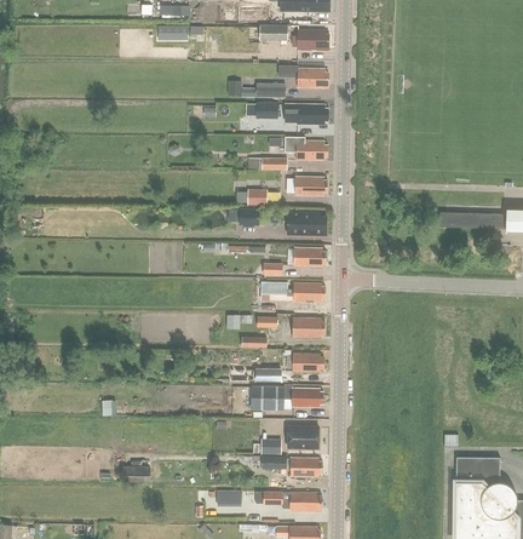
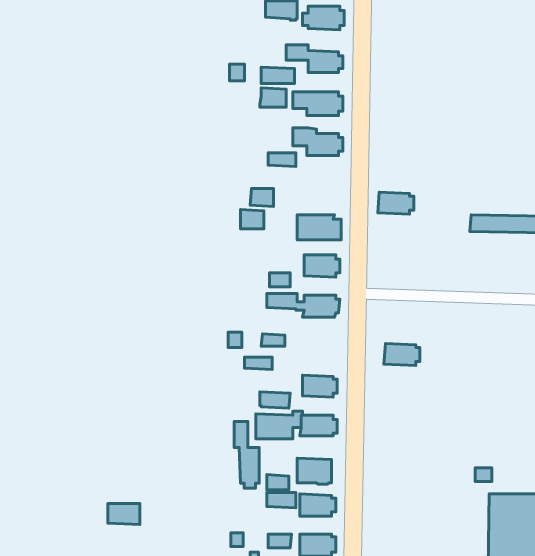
building: [294,176,326,195] -> [378,192,414,214]
building: [292,317,323,337] -> [384,343,420,365]
building: none -> [234,422,259,488]

